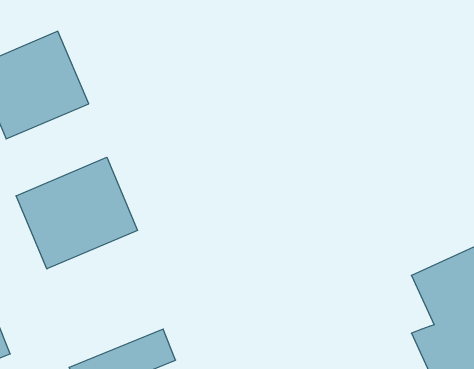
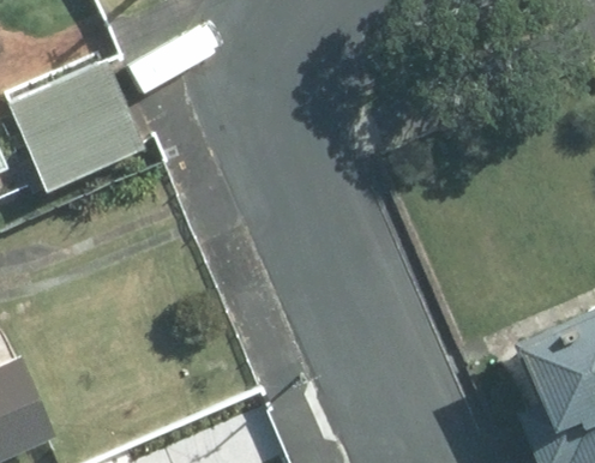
building: [16,157,138,269] -> none

